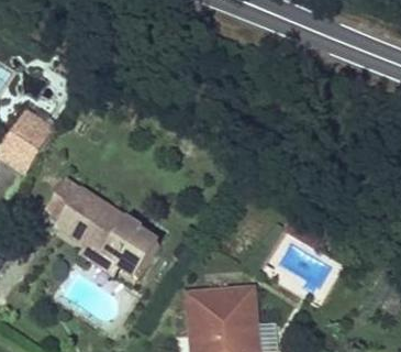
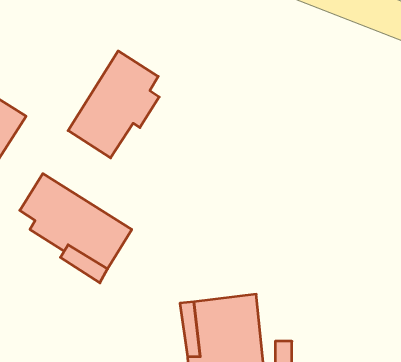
building: none -> [68,51,159,158]

